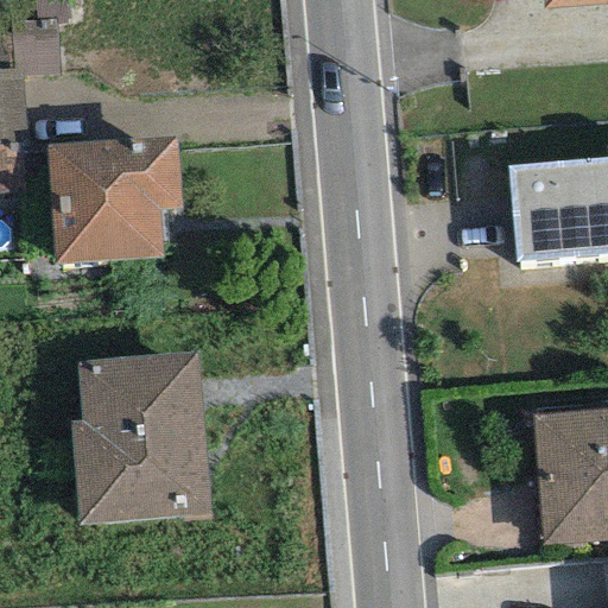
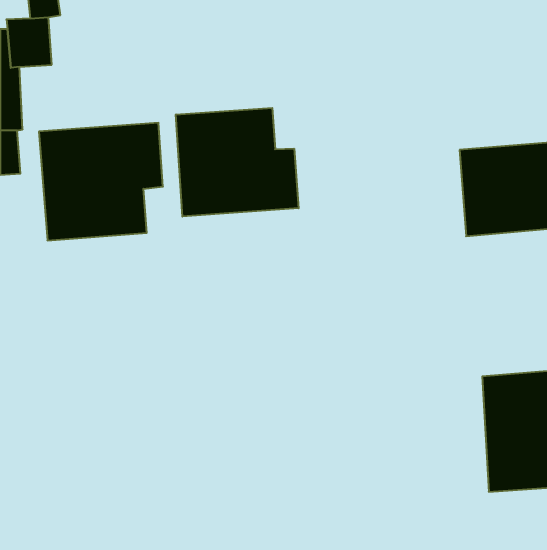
building: none -> [176,108,299,217]
building: [72,352,213,524] -> none

